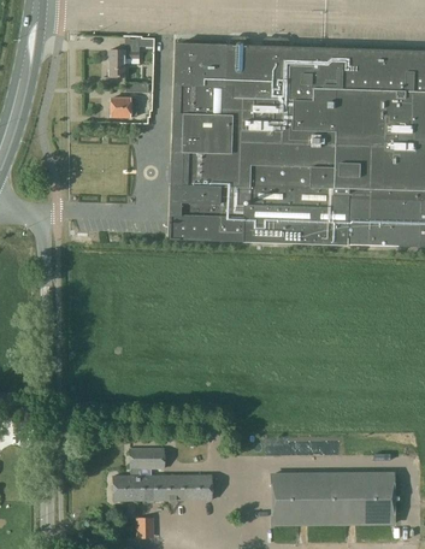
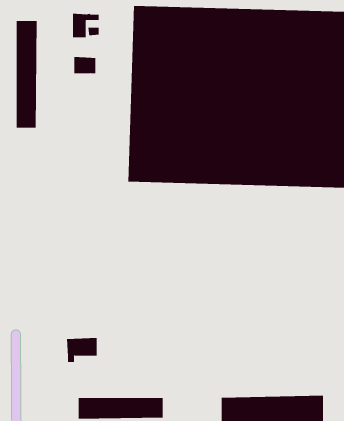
building: none -> [16,20,37,128]
building: [130,449,165,477] -> [66,338,97,363]

